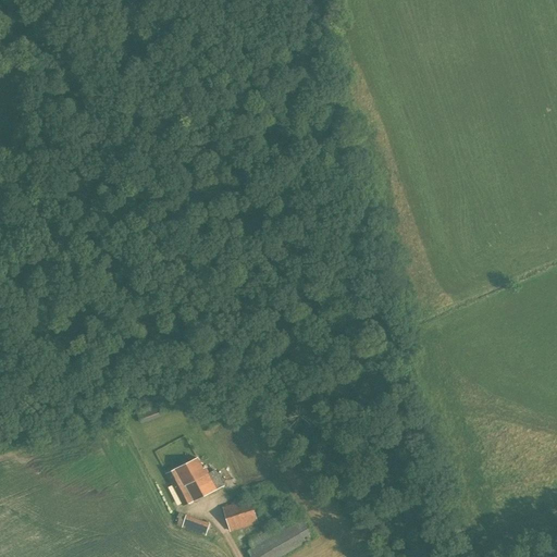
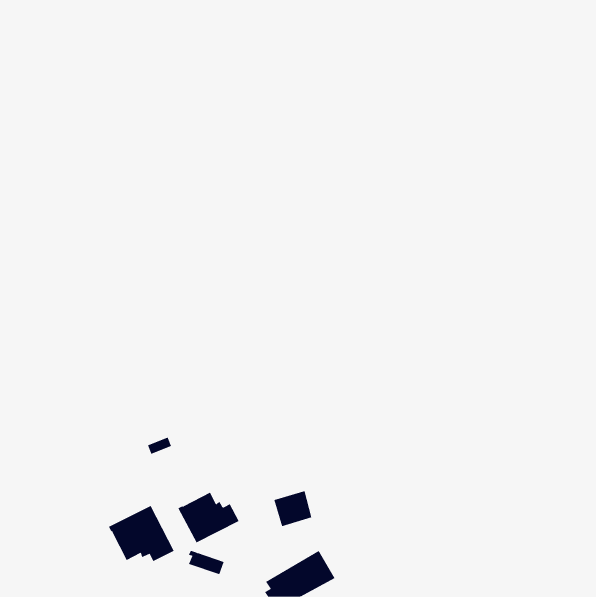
building: none -> [108,505,175,562]
building: [221,498,257,532] -> [273,491,312,527]

